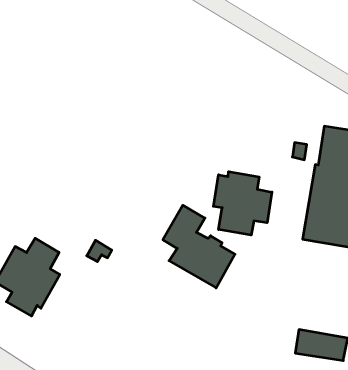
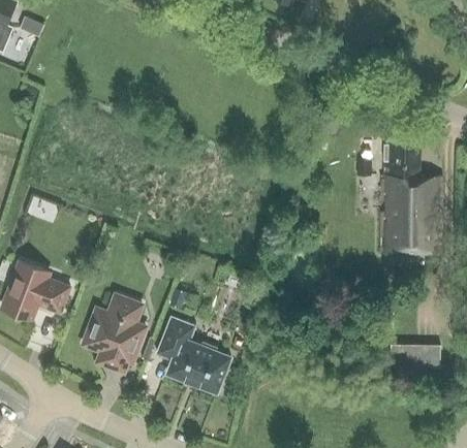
building: [213,172,272,235] -> none
building: [163,205,235,288] -> [157,317,230,393]

